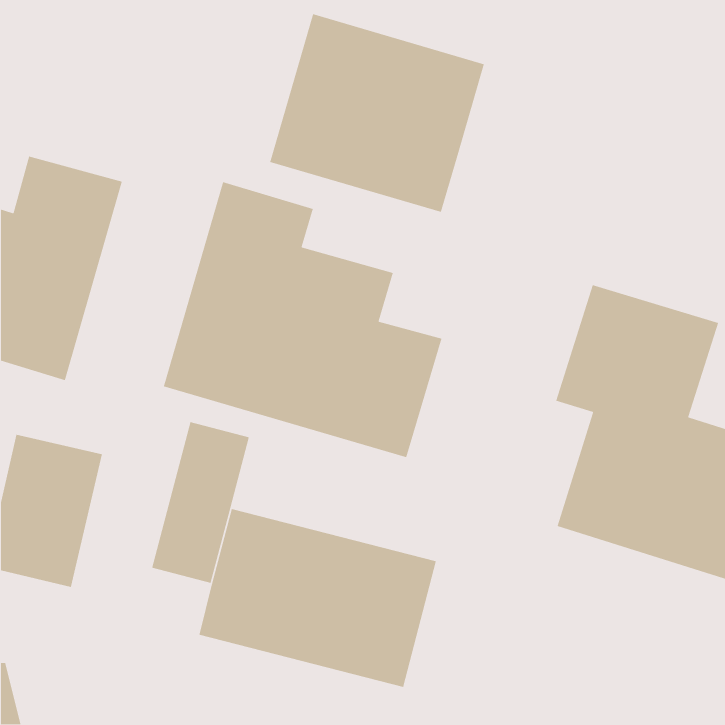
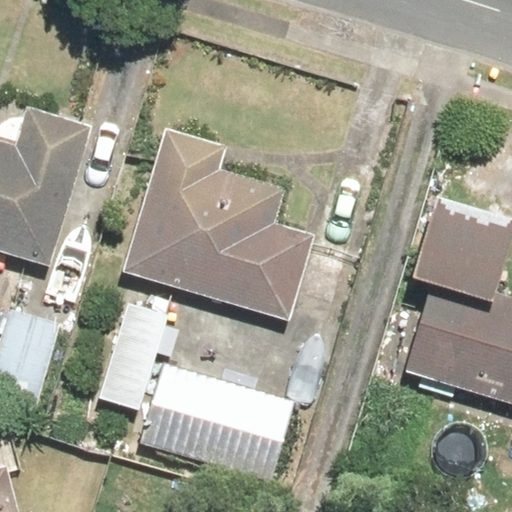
building: [269,13,485,213] -> none

